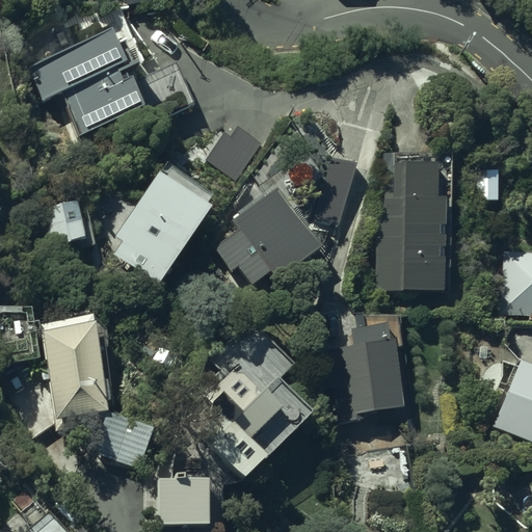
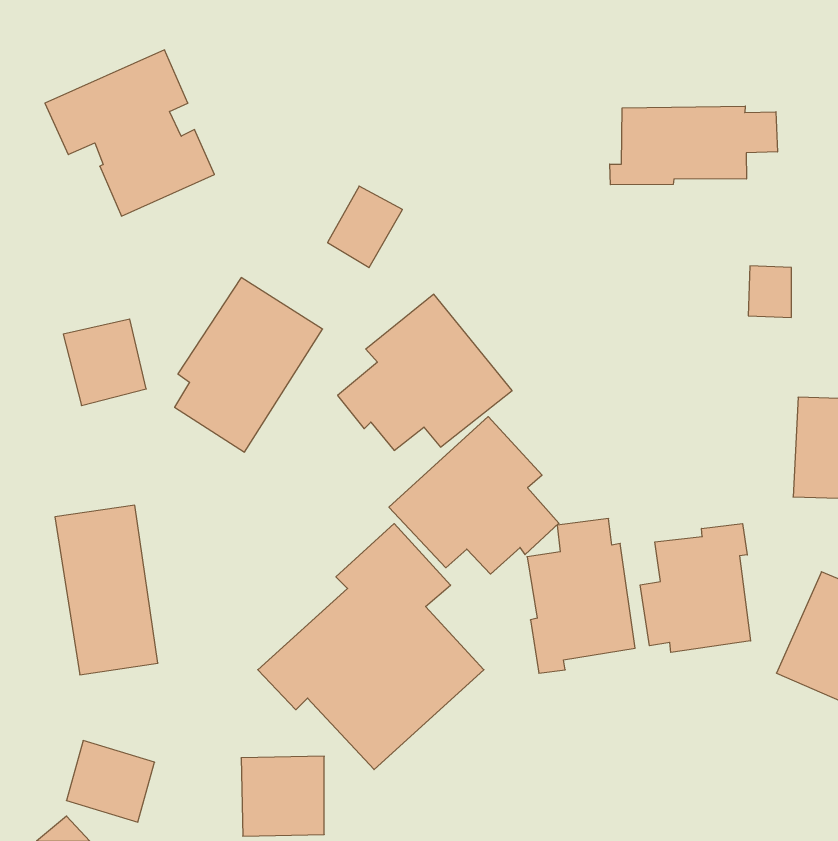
building: none -> [610,106,777,185]
building: [378,149,446,289] -> none
building: none -> [389,417,559,574]
building: none -> [640,524,751,652]
building: [98,415,153,466] -> [66,741,155,822]

